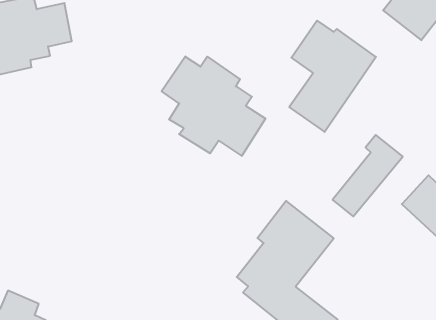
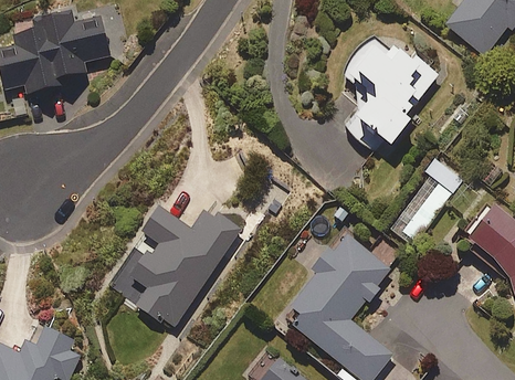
building: [162,56,265,156] -> none
building: none -> [115,202,245,329]

